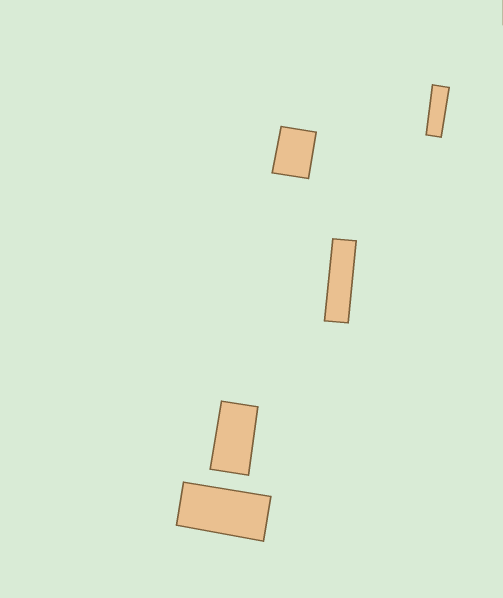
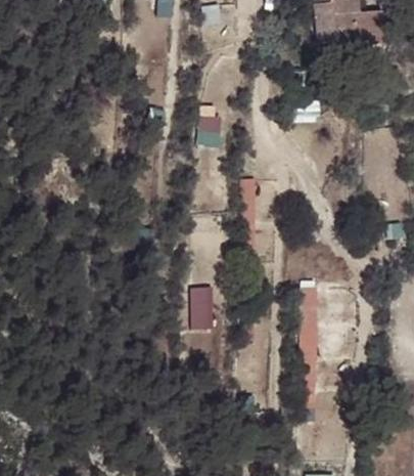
building: [177,482,271,541] -> none

